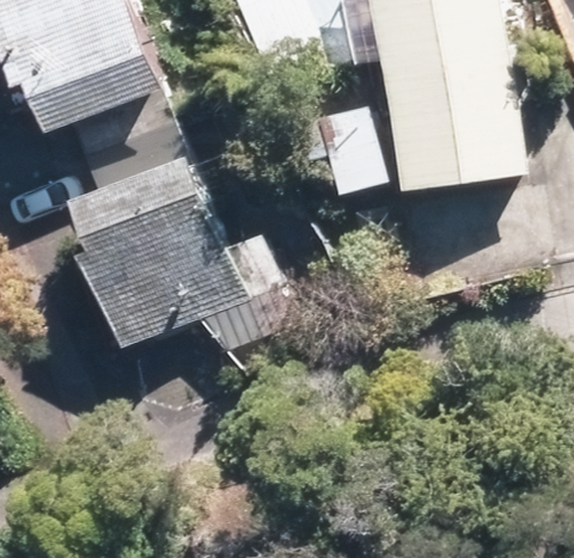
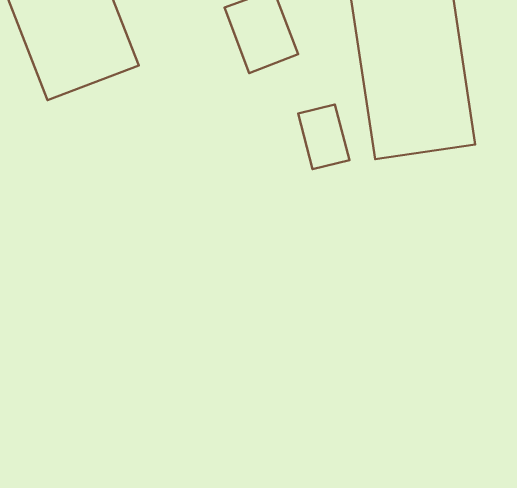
building: [79,168,231,331] -> none

